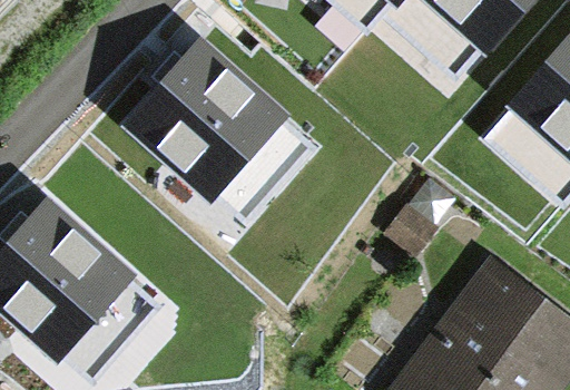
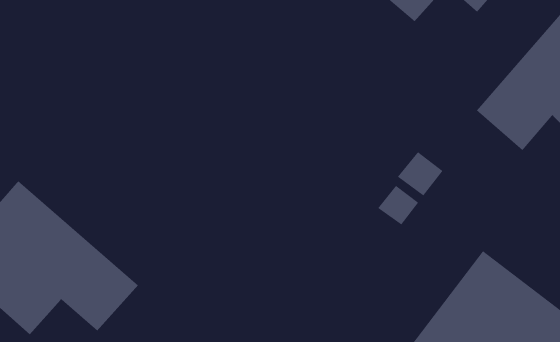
building: [132,41,315,189] -> none

